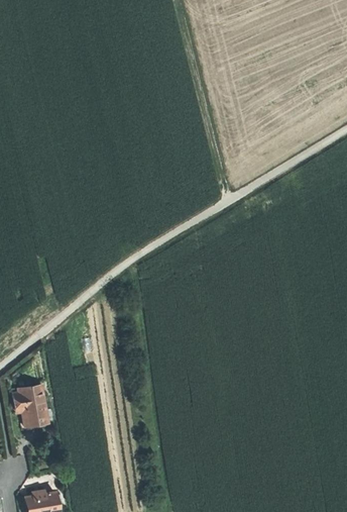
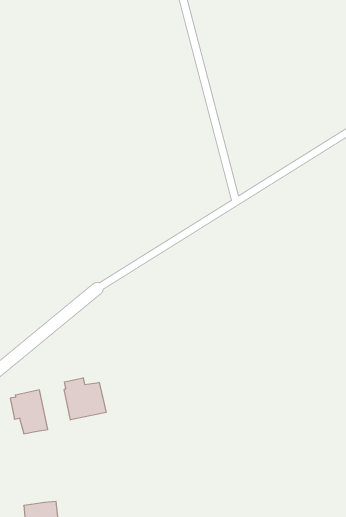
building: none -> [64,378,106,420]

